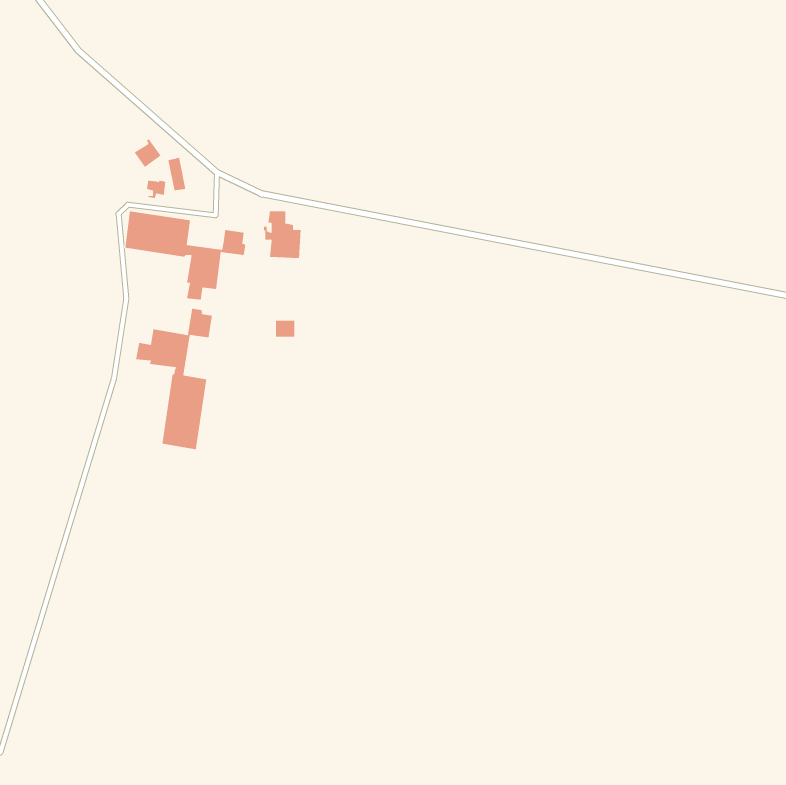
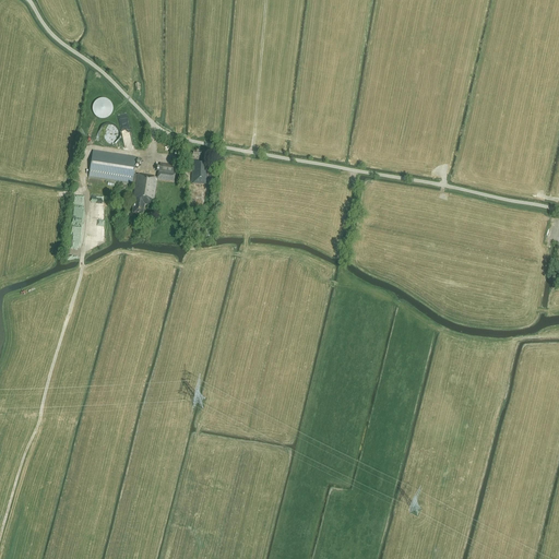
building: [136,308,212,450] -> none

